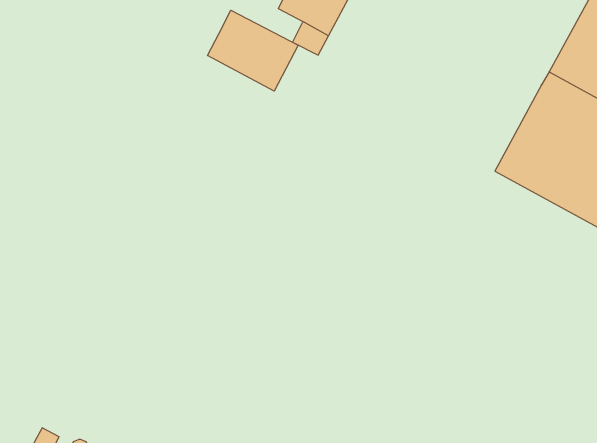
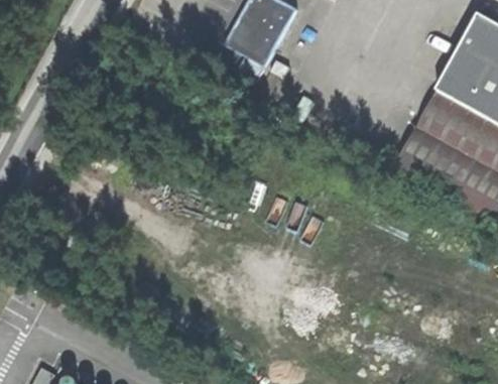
building: [208,10,298,91] -> none

